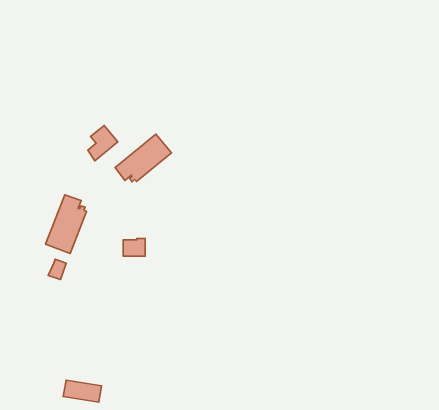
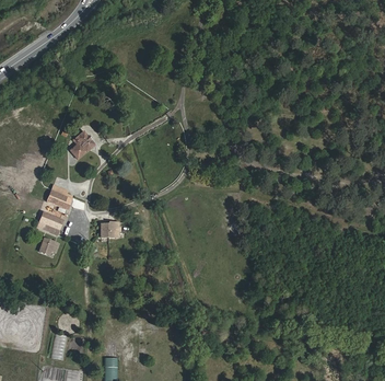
building: [115,134,171,182] -> none

